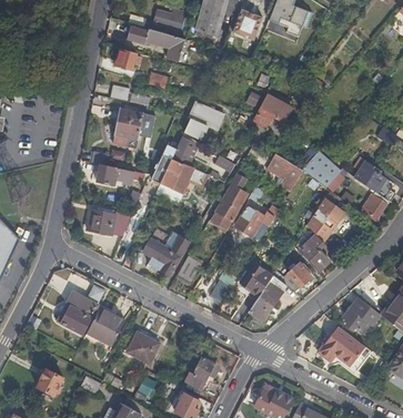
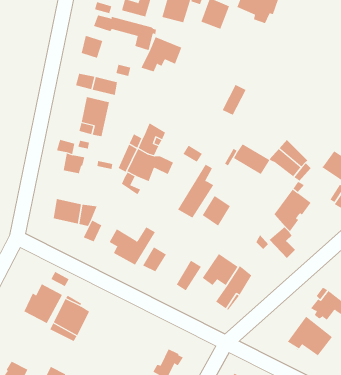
building: [182,102,223,137] -> [141,36,182,72]
building: [272,263,311,290] -> none
building: [125,330,159,363] -> none

